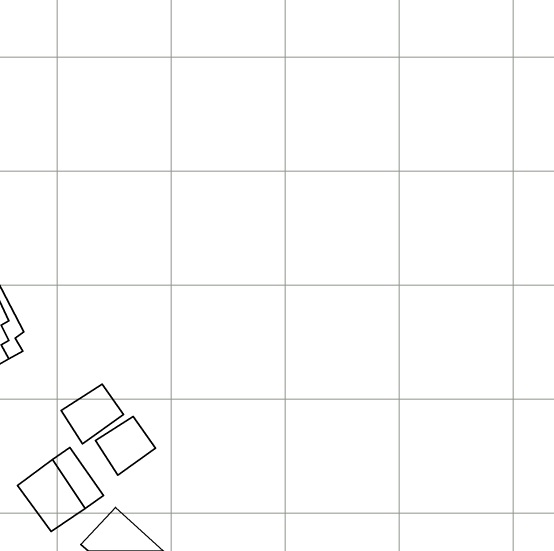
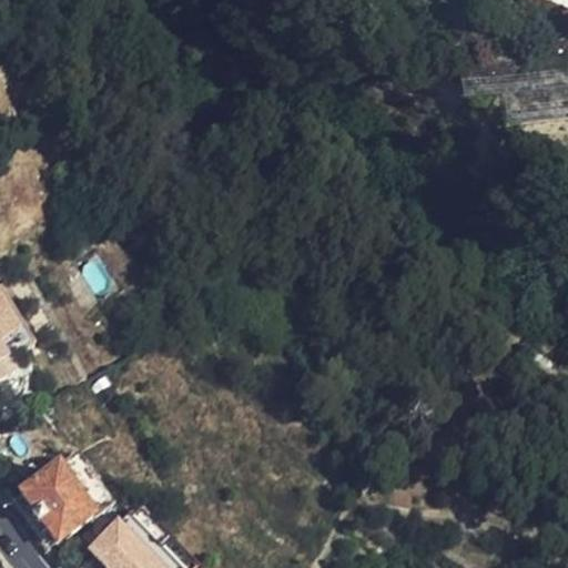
building: [61,384,123,444] -> none
building: [95,417,156,475] -> none

